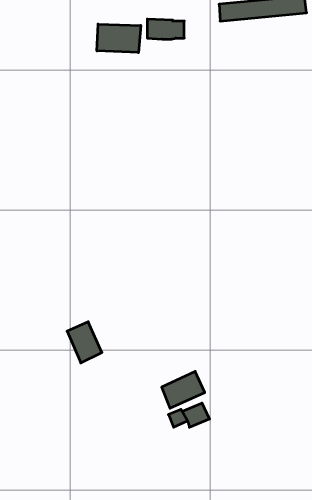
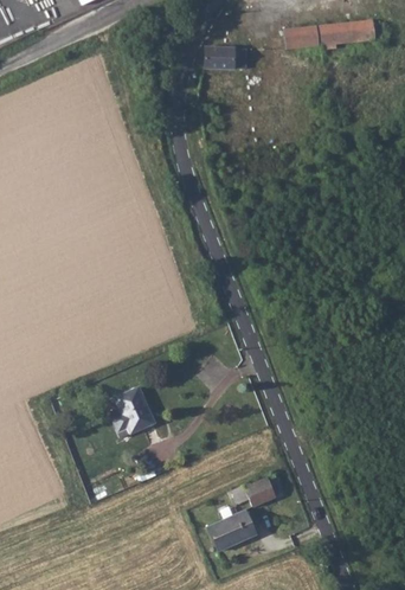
building: [97,24,141,53] -> none
building: [162,371,205,408] -> [208,508,257,550]

